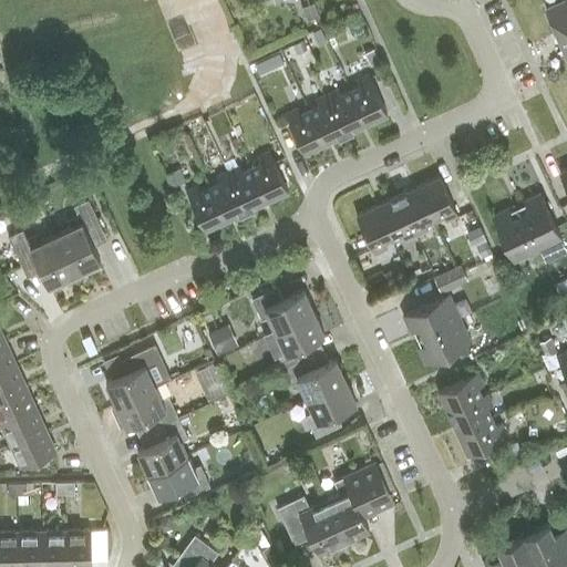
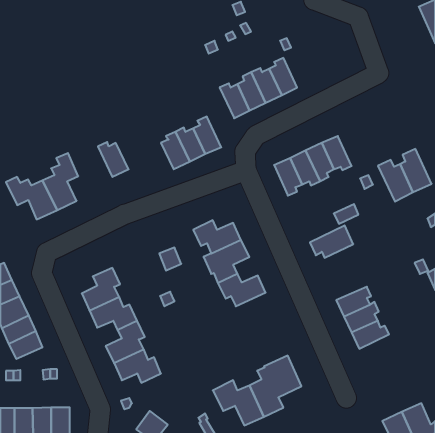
building: [186,187,226,233] -> [98,142,129,177]
building: [417,320,471,365] -> none
building: [306,383,355,440] -> none

